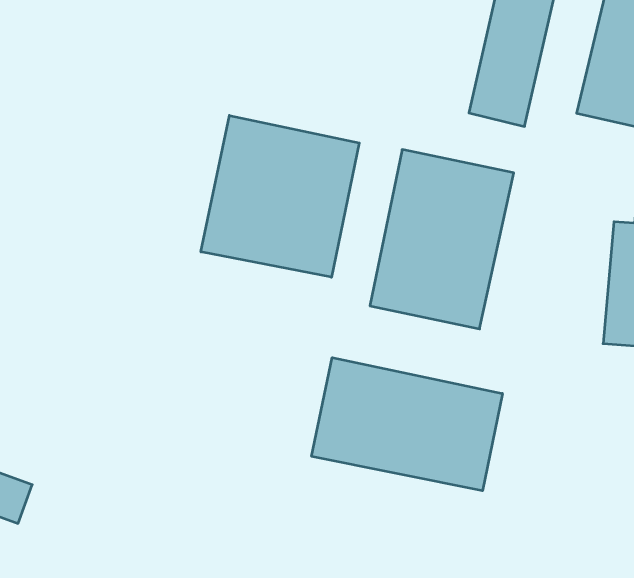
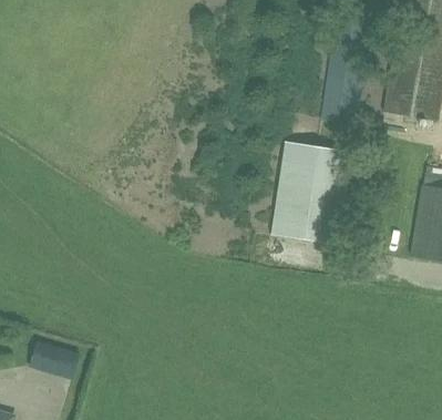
building: [201,115,359,277] -> none
building: [312,358,502,491] -> none

